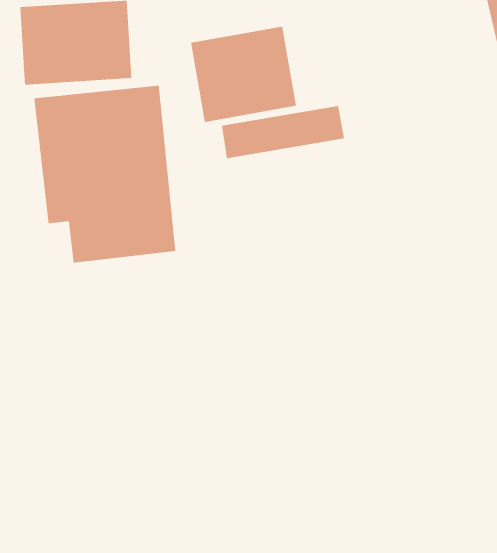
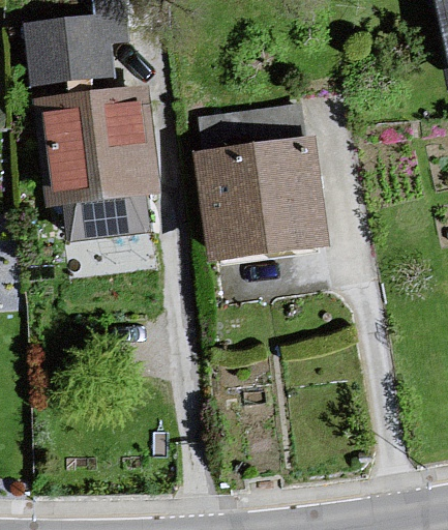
building: [190,26,297,123] -> none
building: none -> [204,153,340,279]

